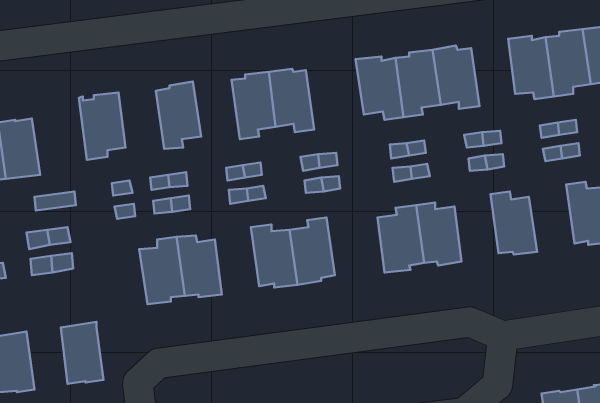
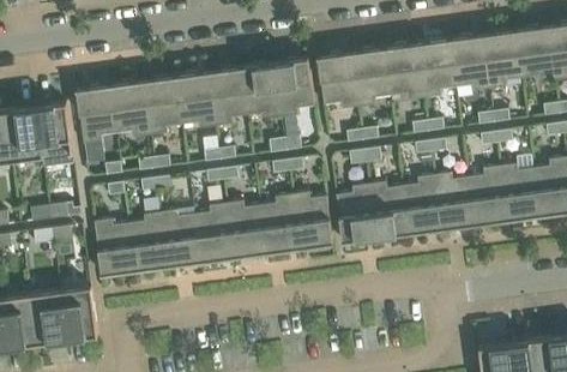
building: none -> [417,38,456,97]
building: none -> [273,58,314,118]
building: none -> [175,73,216,128]
building: none -> [110,83,150,137]
building: none -> [35,103,74,167]
building: none -> [468,166,507,224]
building: none -> [403,174,441,233]
building: none -> [291,192,333,246]
building: none -> [194,203,233,262]
building: none -> [94,218,135,275]
building: none -> [30,290,66,344]

